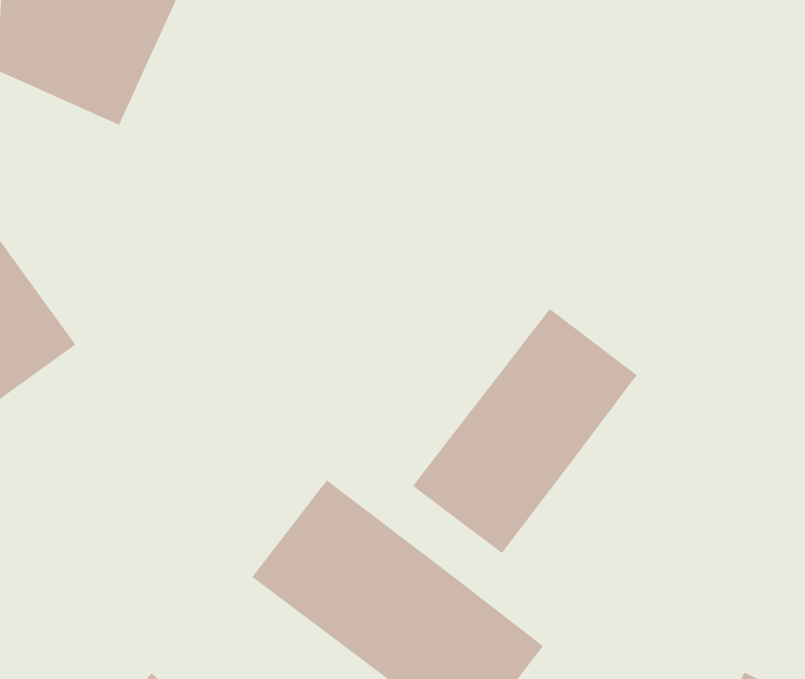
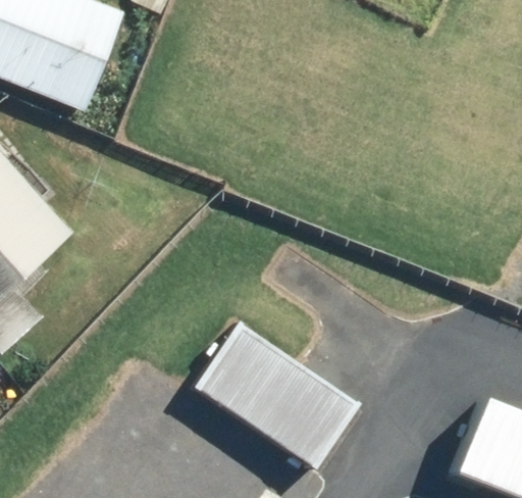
building: [412,308,637,554] -> none

